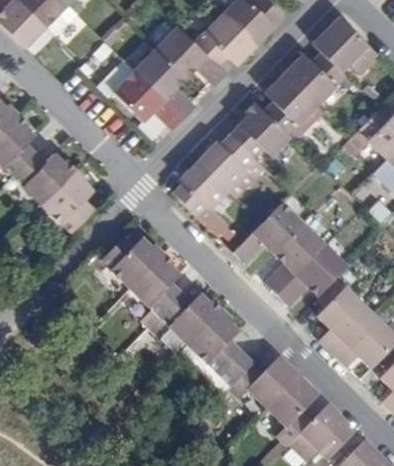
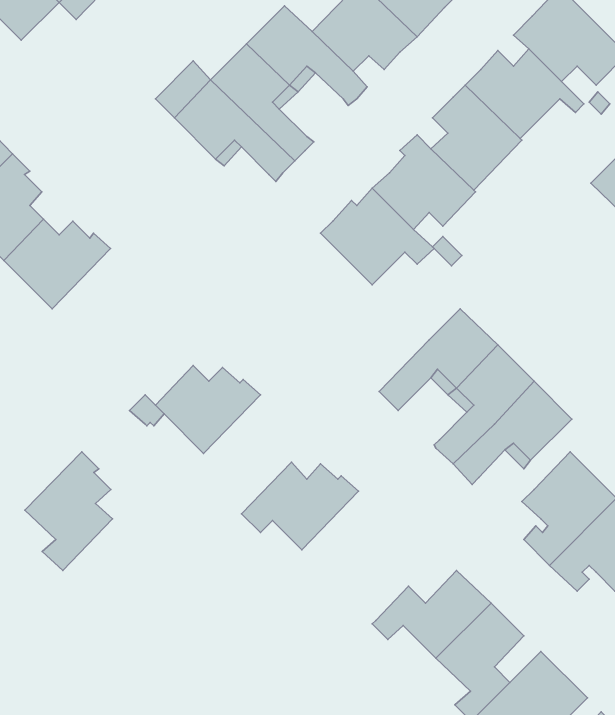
building: [173,159,230,237] -> none
building: [42,168,95,232] -> none
building: [131,254,182,324] -> [25,452,113,571]
building: [188,311,254,386] -> none

